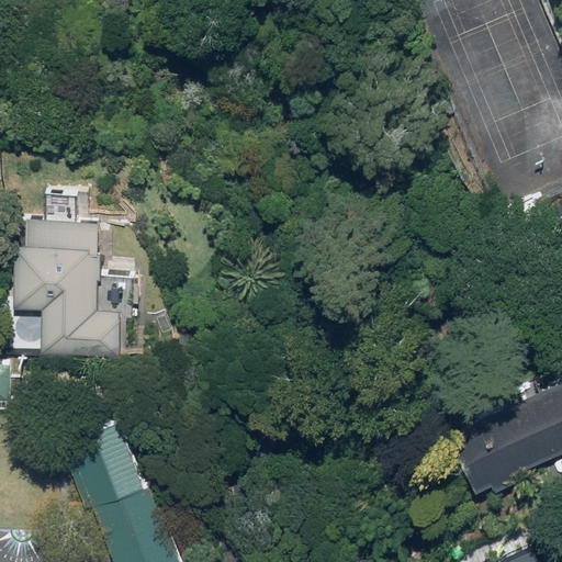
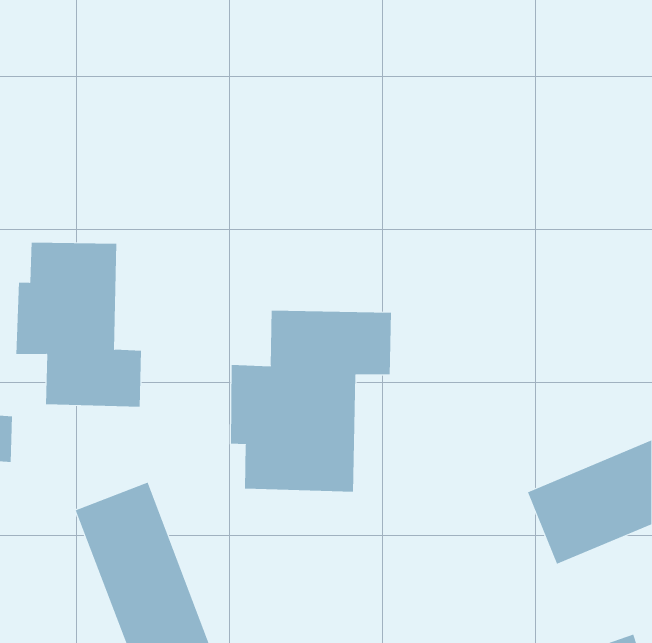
building: none -> [231,310,392,492]

